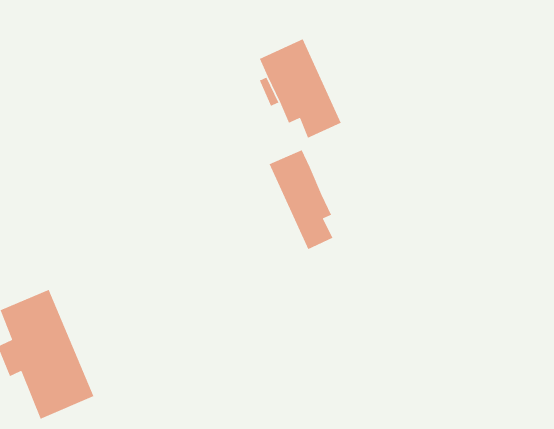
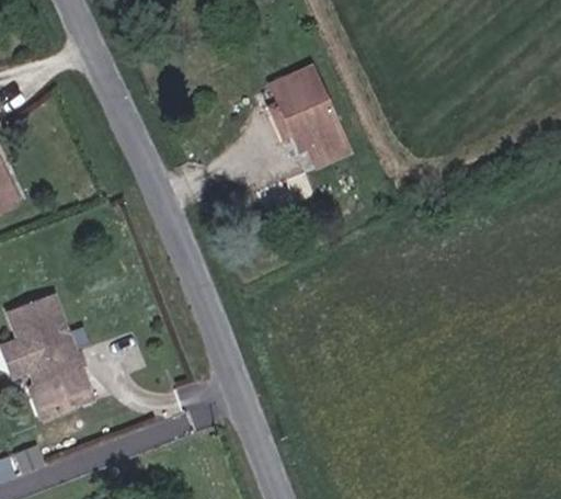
building: [269,149,333,250] -> none

